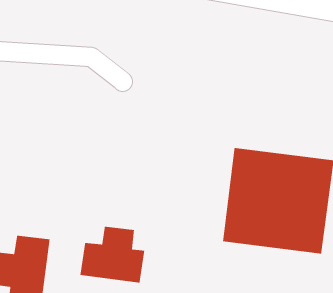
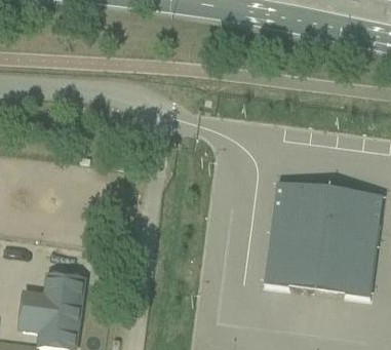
building: [79,226,145,284] -> none

